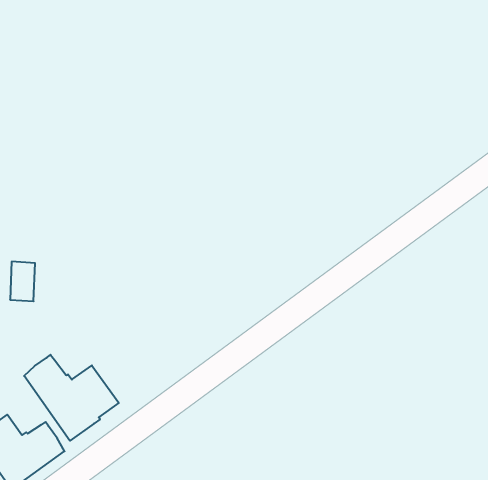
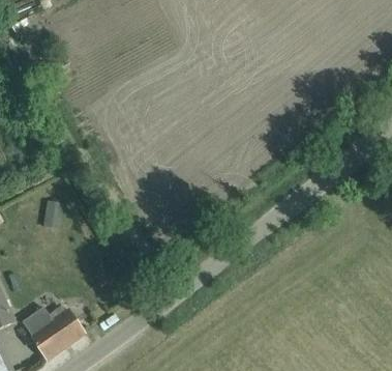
building: [24,355,119,441] -> none

